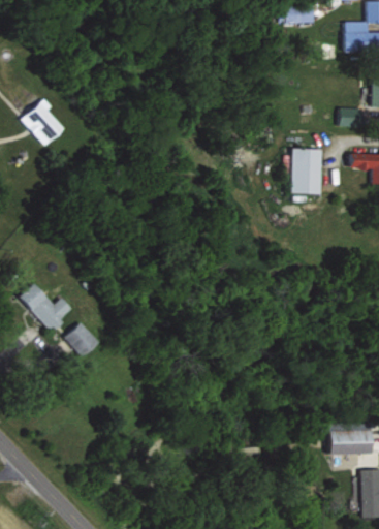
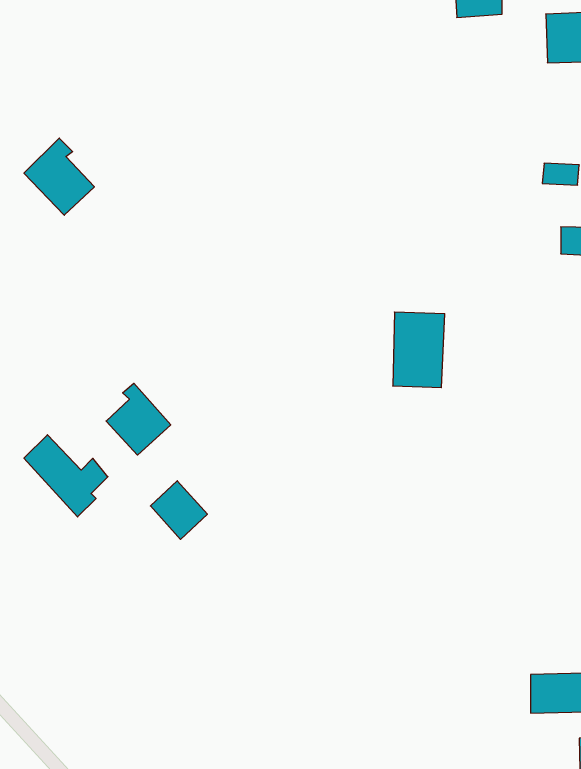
building: [290,149,322,195] -> [393,312,445,388]
building: none -> [106,383,171,455]
building: [64,321,99,357] -> [150,481,207,539]

